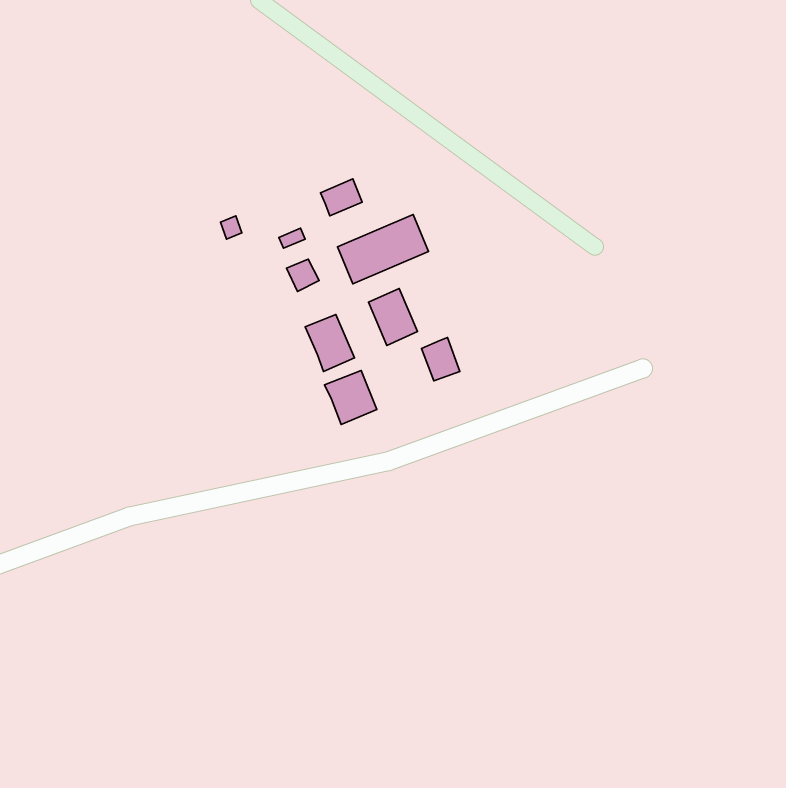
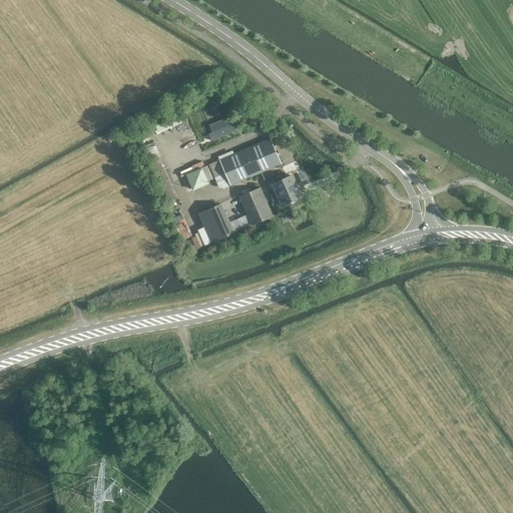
building: [421,338,460,381] -> [274,176,299,204]
building: [325,371,377,425] -> none

